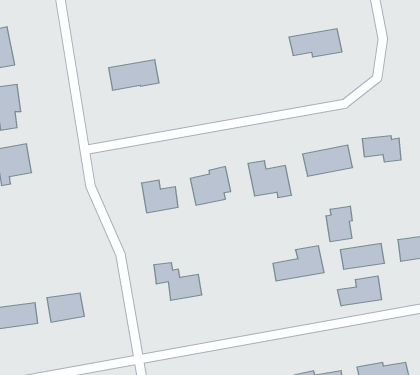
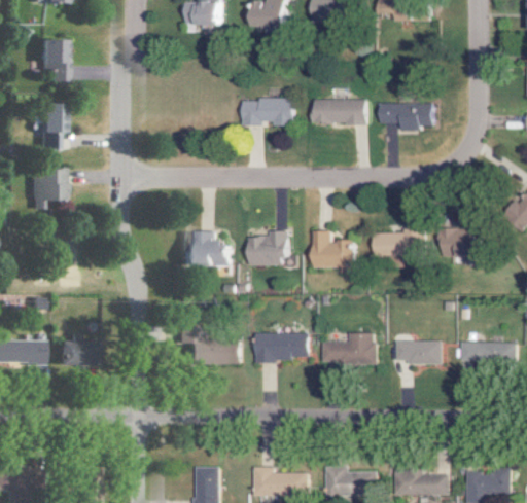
building: none -> [310,100,365,124]
building: [109,60,159,90] -> [241,100,292,125]
building: [326,206,352,242] -> none
building: none -> [251,333,306,361]
building: [338,276,382,306] -> none

